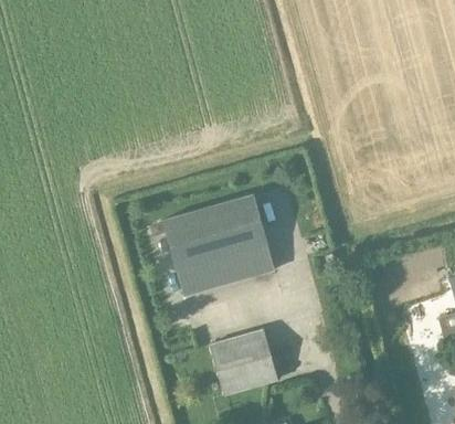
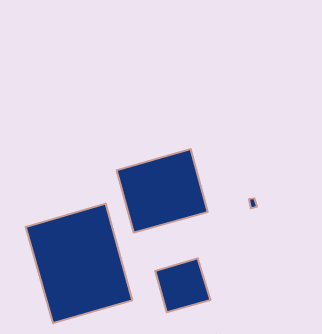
building: none -> [26,203,132,323]

